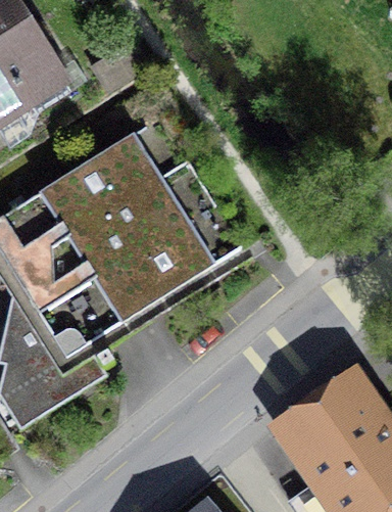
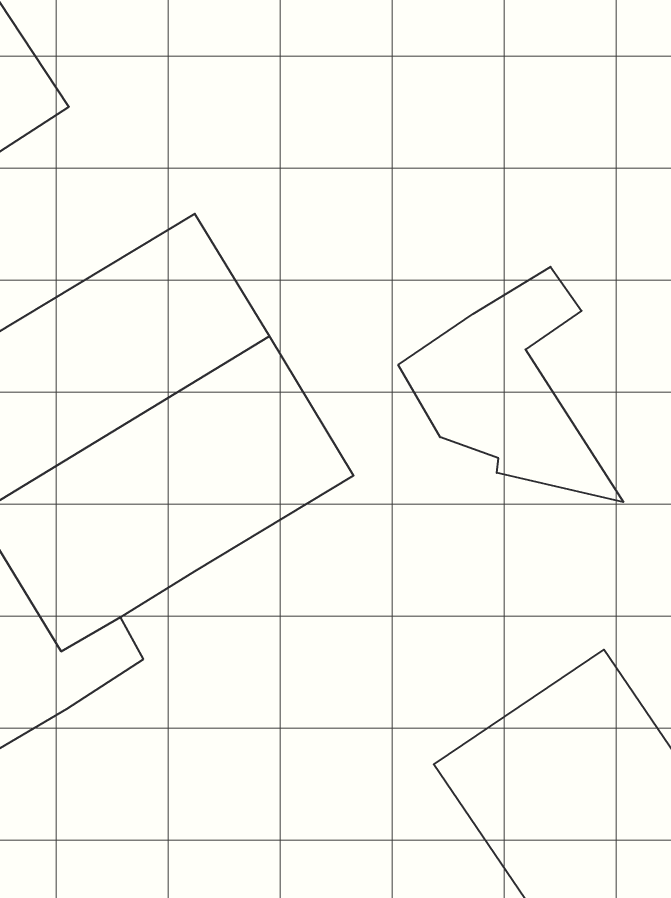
building: none -> [398,267,623,502]

